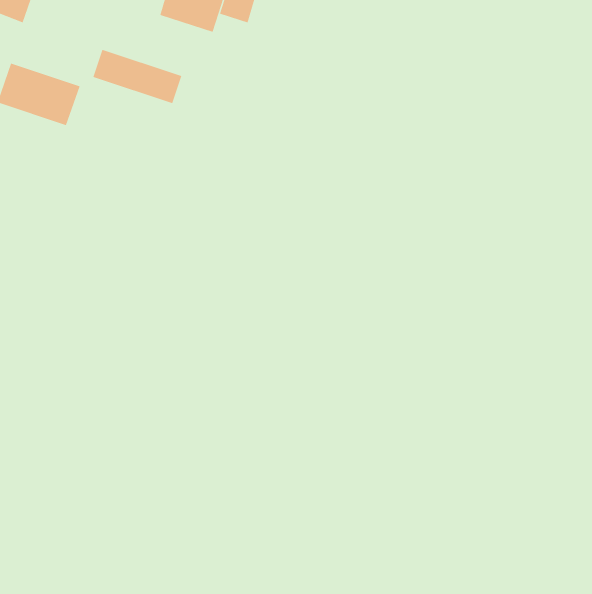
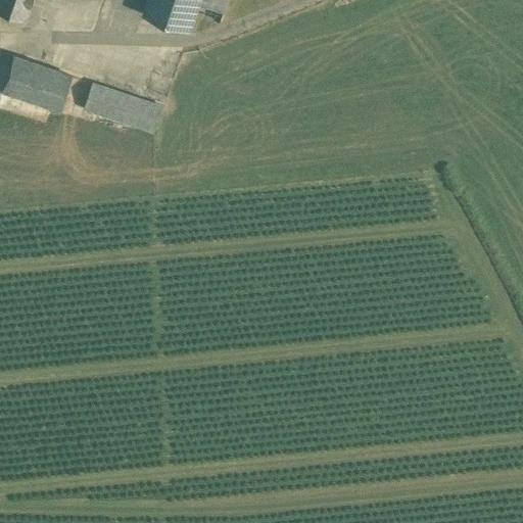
building: [92,49,182,104] -> [82,82,160,130]

